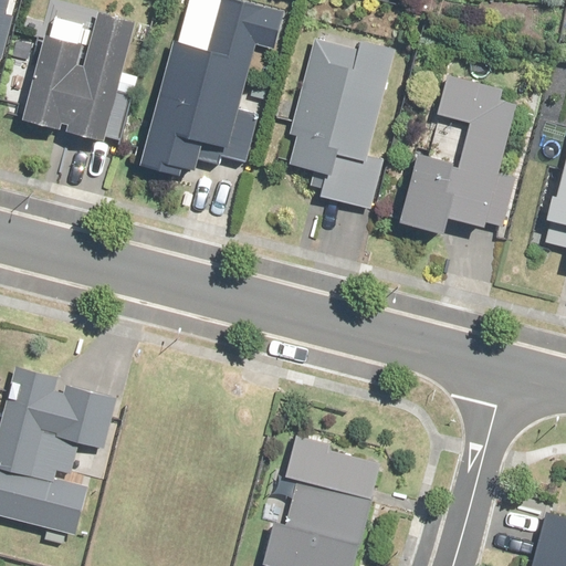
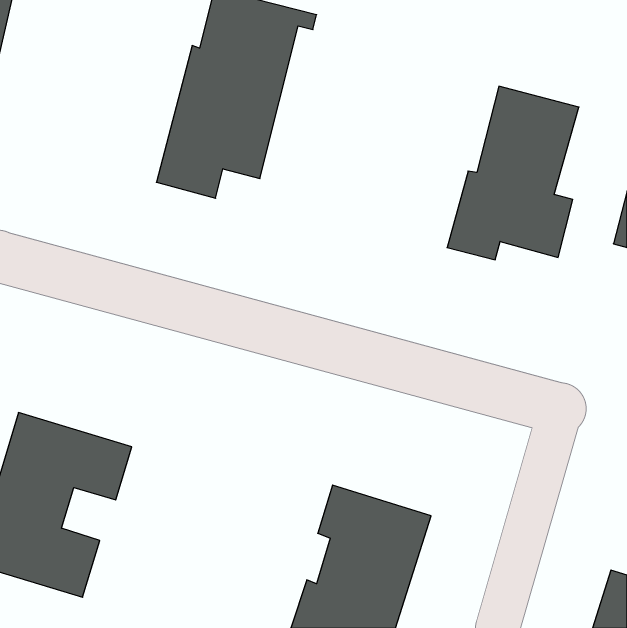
building: [22,15,137,143] -> none
building: [283,30,395,208] -> none

